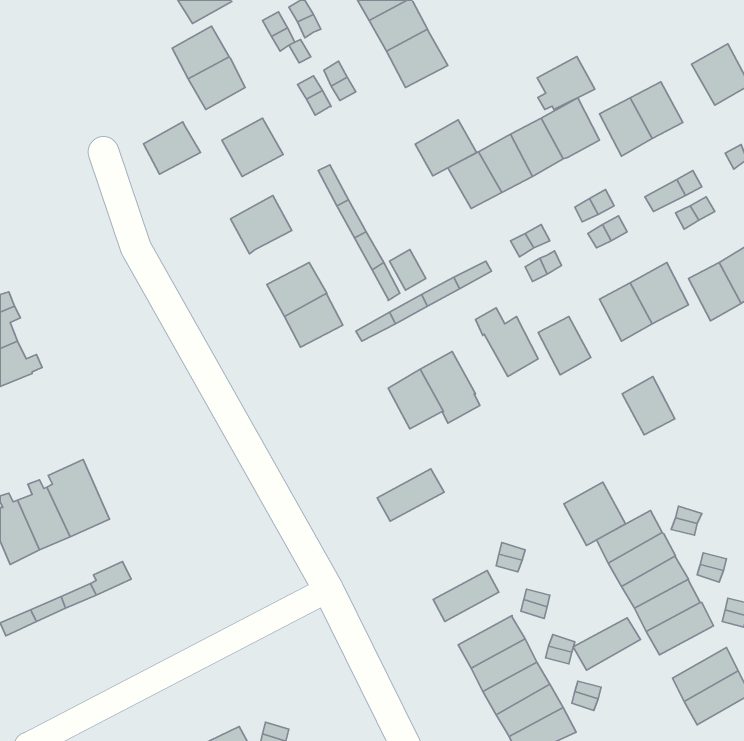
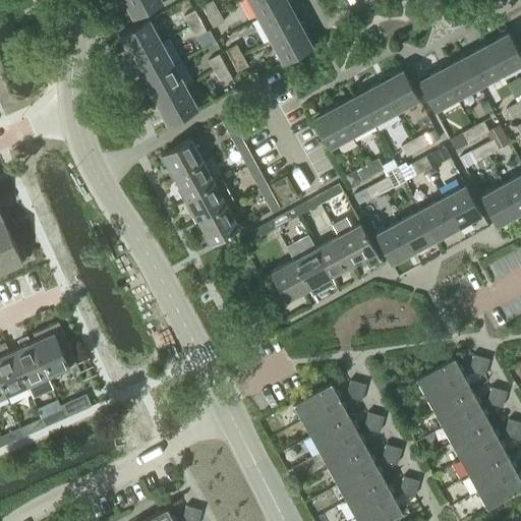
building: [537,57,595,110] -> none
building: none -> [462,48,500,89]
building: [415,120,477,176] -> none
building: [143,122,200,174] -> [144,64,184,101]
building: none -> [175,164,217,201]
building: none -> [316,236,355,278]
building: [622,376,675,435] -> [398,212,435,252]
building: [377,469,444,521] -> [294,385,341,421]
building: [564,482,626,545] -> none
building: none -> [311,416,358,453]
building: [573,618,640,670] -> [461,440,508,476]

